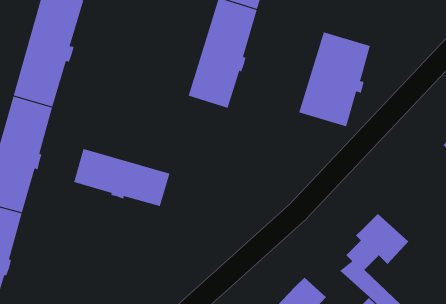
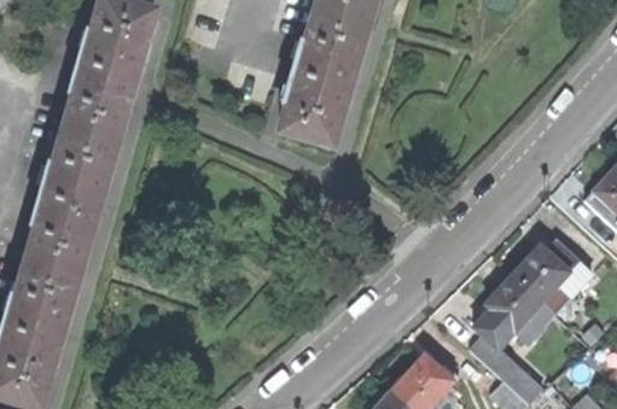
building: [299,31,371,127] -> none
building: [74,148,170,207] -> none
building: none -> [514,243,590,311]

